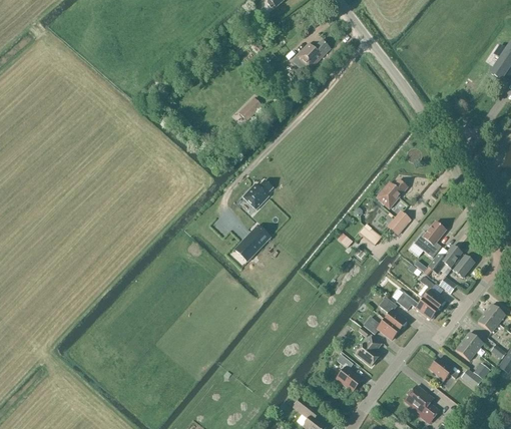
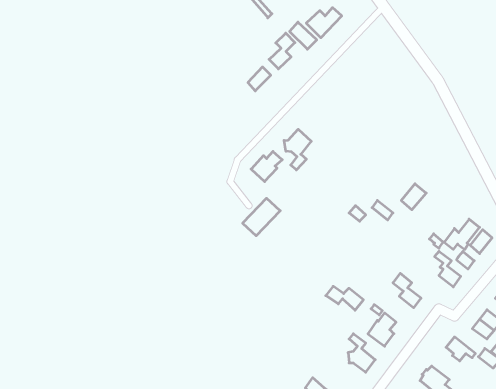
building: none -> [269,33,295,69]
building: none -> [284,129,311,170]
building: [376,177,409,208] -> none
building: [415,221,446,257] -> none
building: [397,291,438,318] -> none
building: [364,316,400,339] -> [326,286,363,310]

